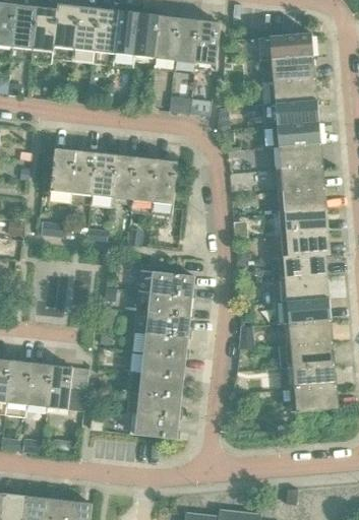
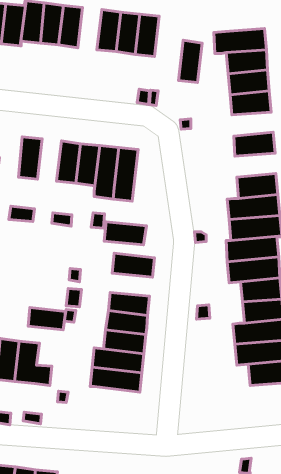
building: [113,11,138,56] -> none
building: [194,20,220,65] -> [178,40,202,82]
building: [277,122,320,147] -> none
building: [69,150,96,205] -> none
building: [280,166,323,191] -> none
building: [147,292,192,317] -> [104,222,146,245]
building: none -> [28,307,65,330]
building: [134,413,179,439] -> none

